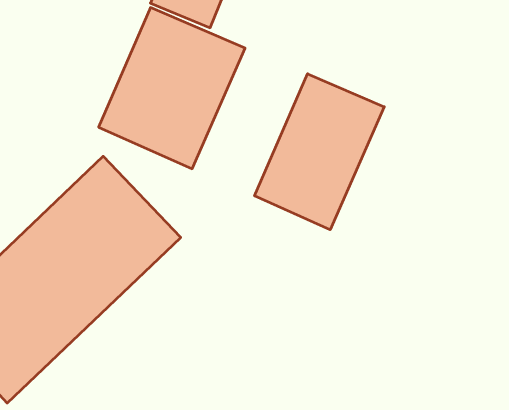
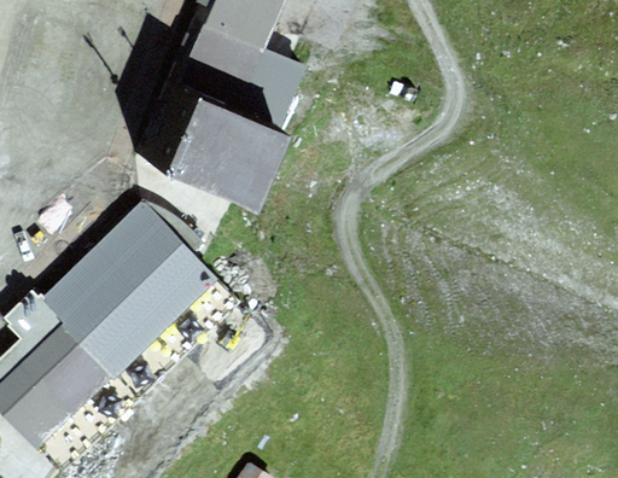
building: [255,74,384,230] -> none

